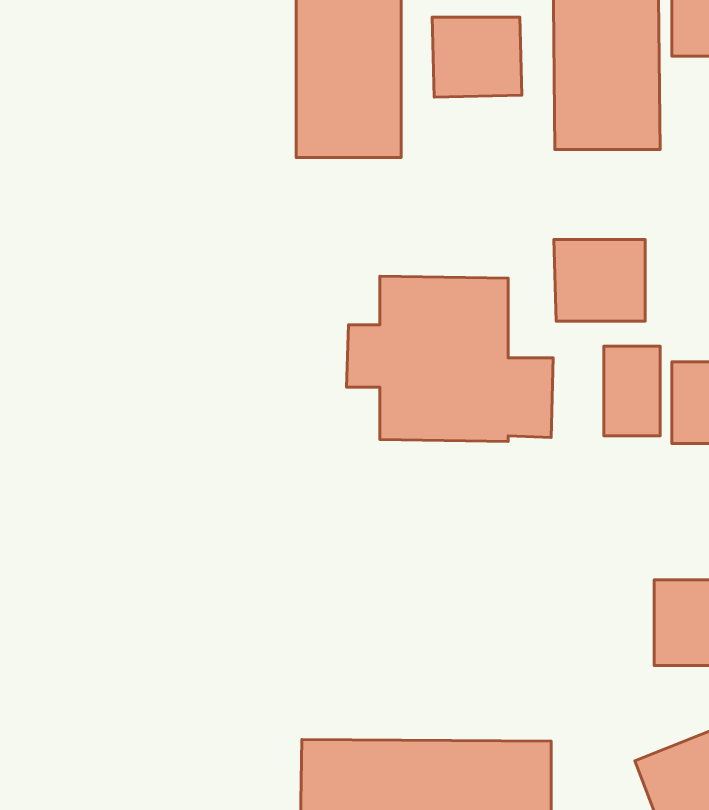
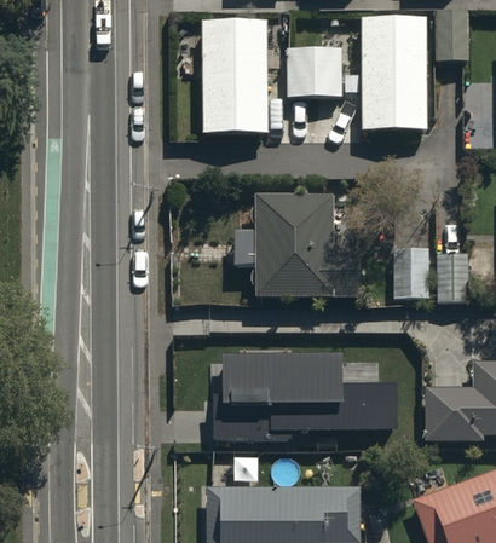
building: [554,239,645,321] -> none
building: none -> [213,345,396,434]

